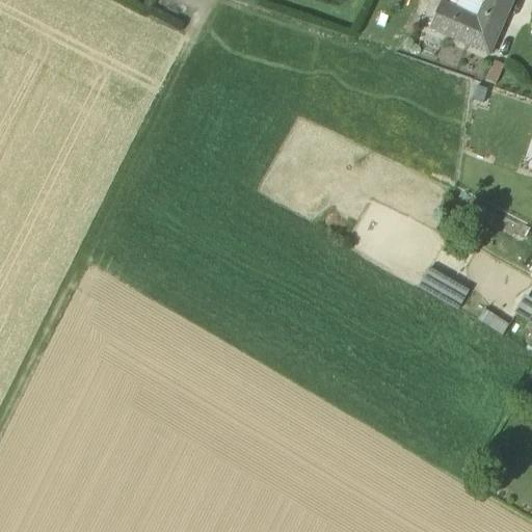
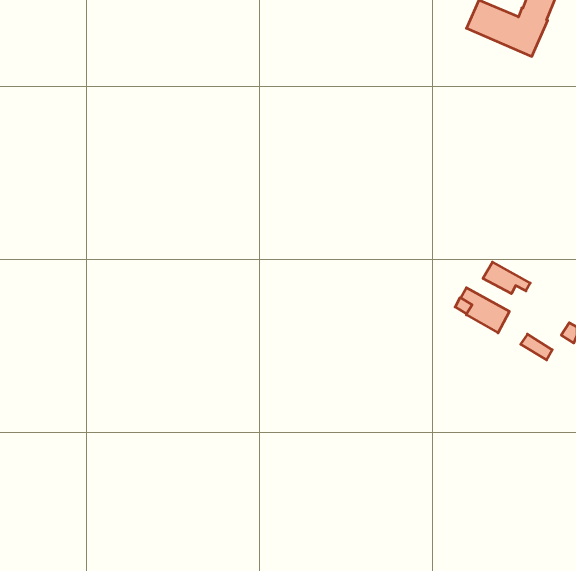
building: none -> [483,262,530,294]

